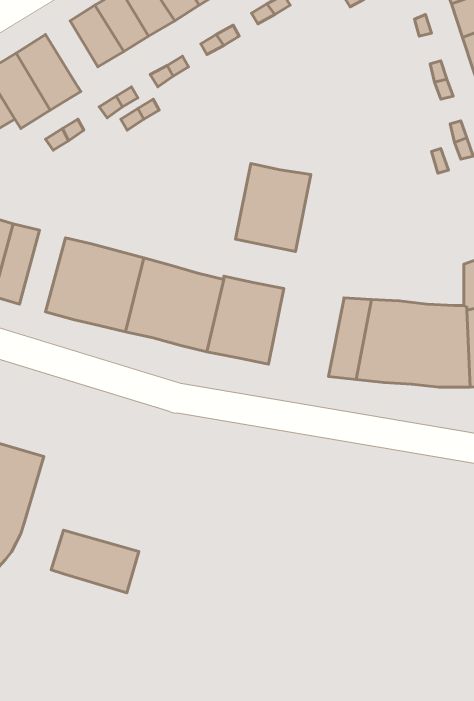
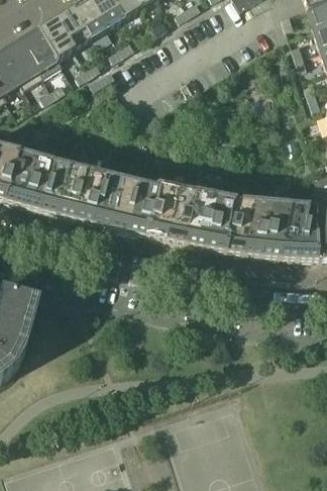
building: none -> [39,15,74,56]
building: [235,164,311,251] -> [186,191,235,249]
building: none -> [22,153,52,206]
building: [51,530,139,593] -> none

